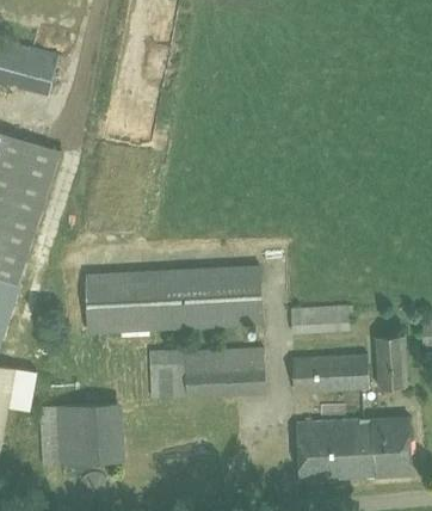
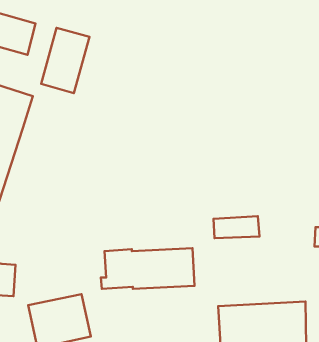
building: none -> [41,28,90,93]
building: [85,265,261,332] -> none
building: [375,335,406,387] -> none
building: [292,355,368,392] -> none

